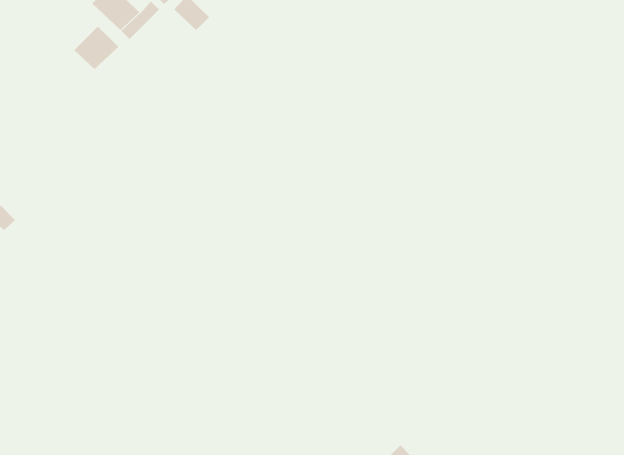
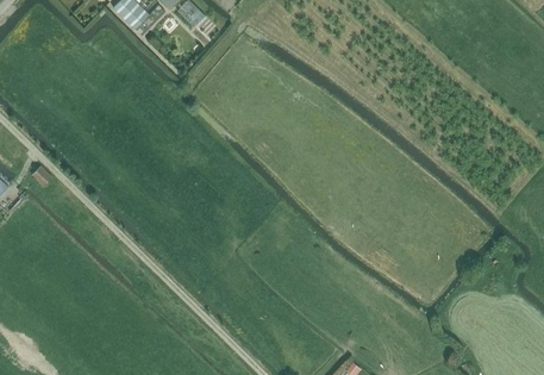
building: [74,26,119,70] -> none

